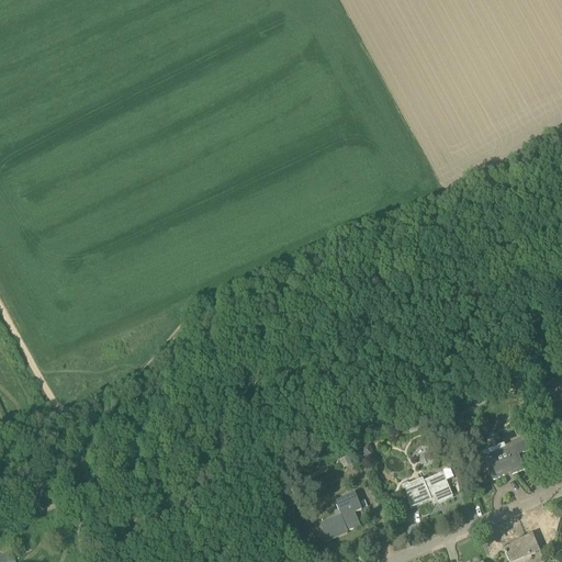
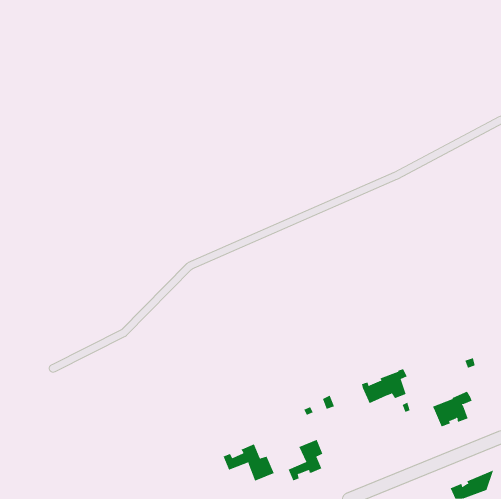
building: [402,467,453,506] -> [361,368,407,404]
building: none -> [223,444,275,482]

